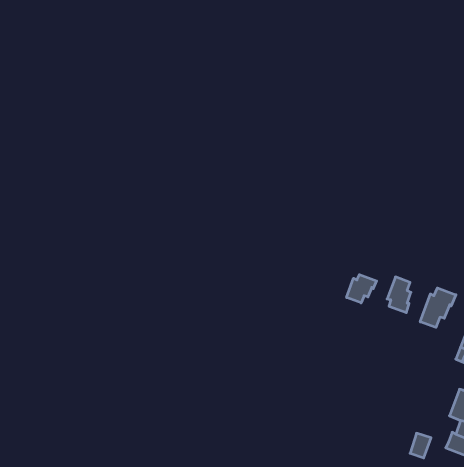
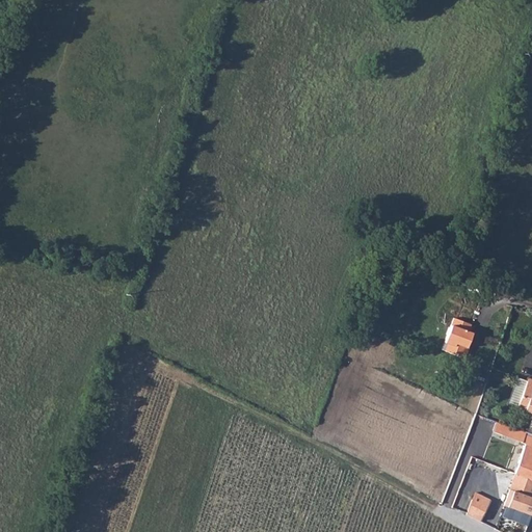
building: [347,275,377,303] -> none
building: [420,288,456,327] -> none

